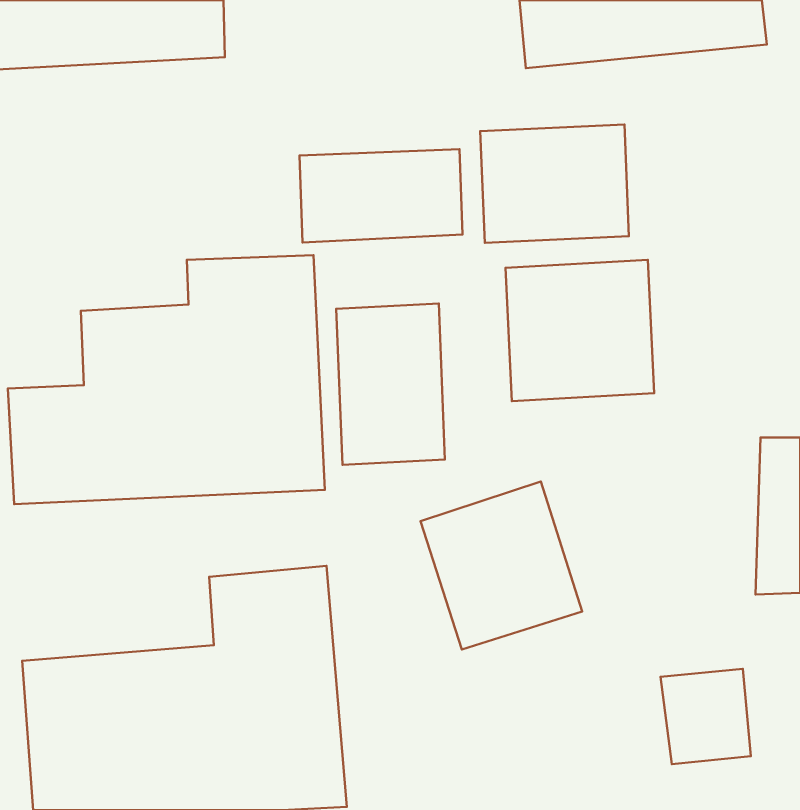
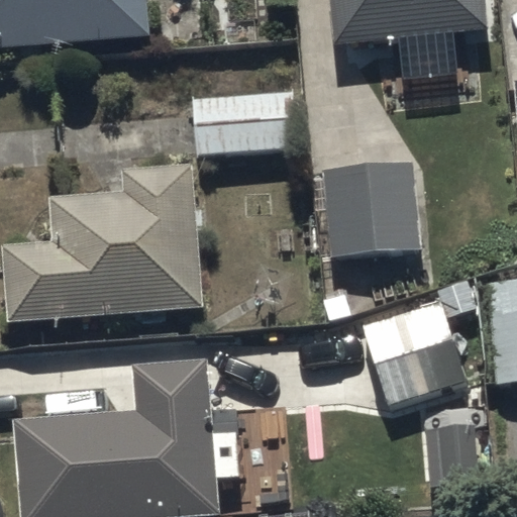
building: [480,125,629,243] -> none
building: [336,304,445,465] -> none
building: [421,482,582,650] -> [359,301,462,408]

